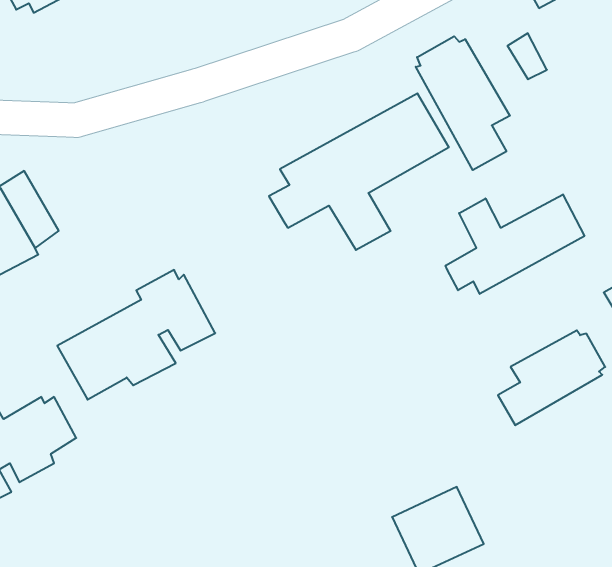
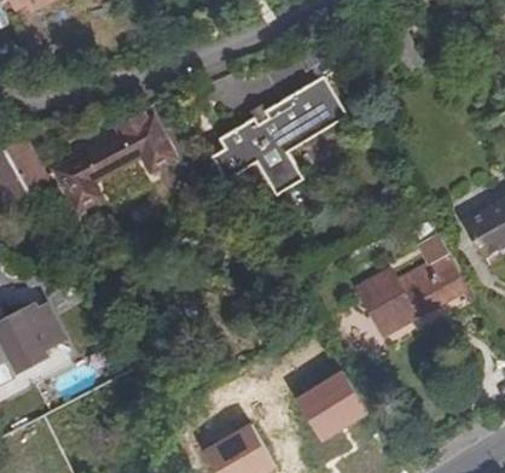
building: [416,36,510,170] -> none
building: [446,194,584,294] -> none
building: [57,270,215,400] -> [53,109,174,208]

